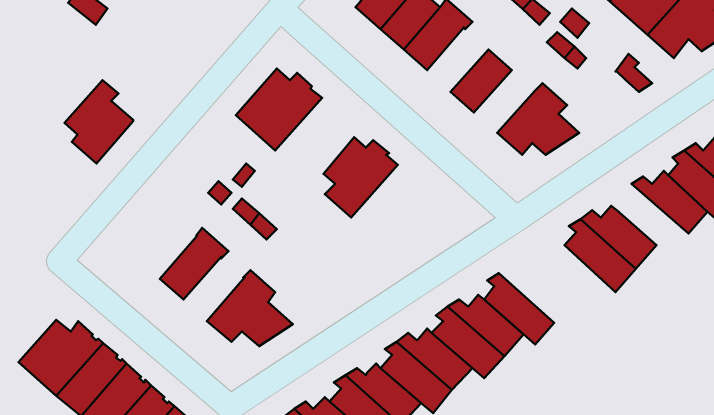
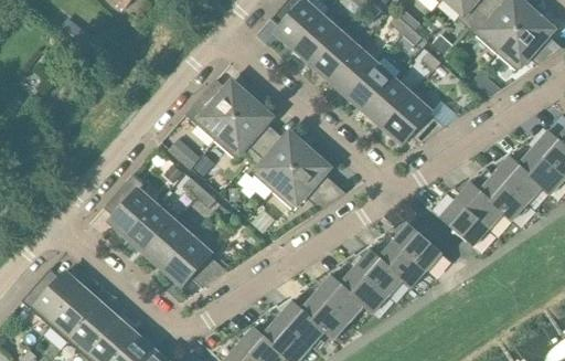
building: none -> [330,47,376,96]
building: none -> [365,79,412,127]
building: [64,80,133,164] -> [104,174,156,237]
building: none -> [215,100,275,158]
building: none -> [273,151,345,210]
building: none -> [473,166,527,220]
building: none -> [146,221,192,269]
building: none -> [384,223,443,270]

